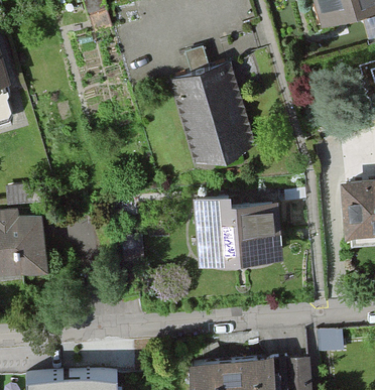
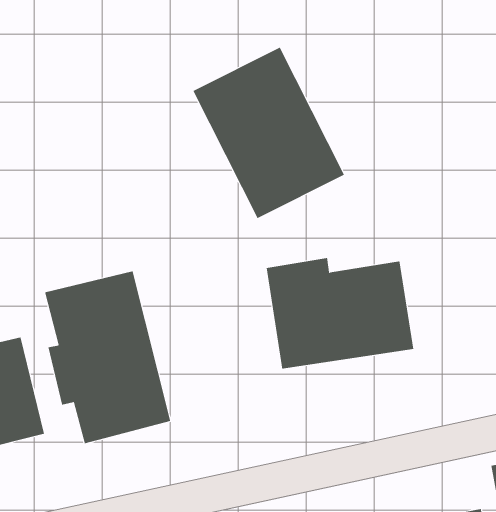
building: none -> [45,271,171,444]

